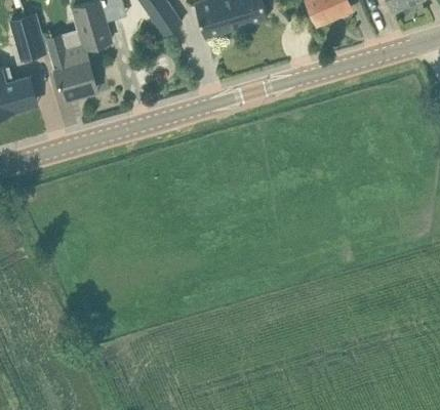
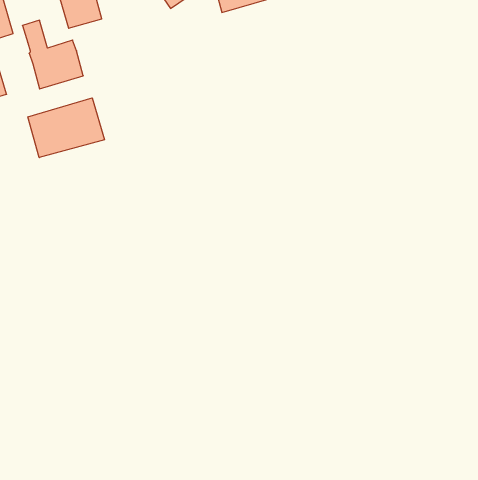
building: none -> [28,98,105,158]

